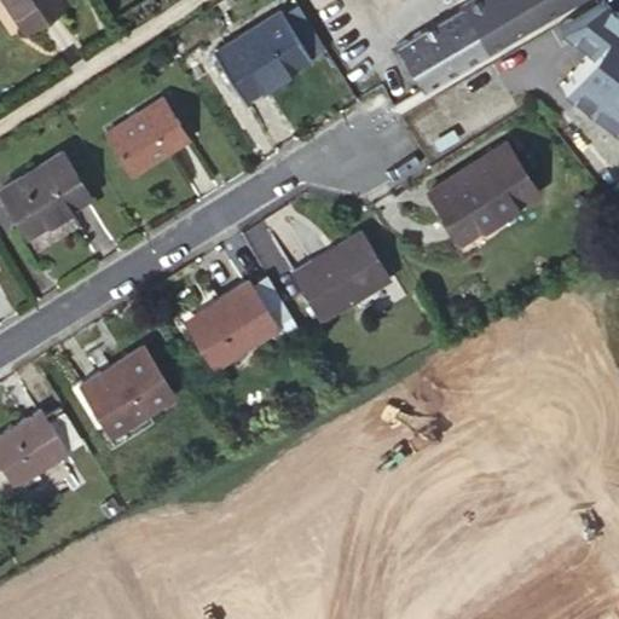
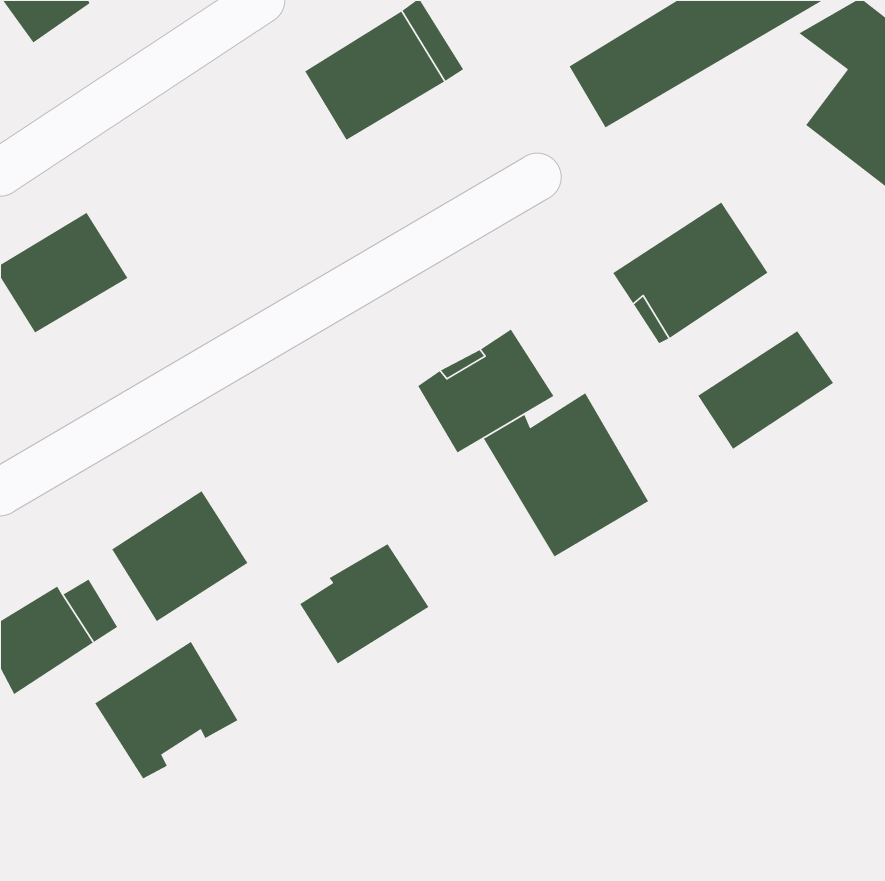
building: [106,102,187,174] -> none
building: none -> [697,330,834,450]
building: none -> [483,392,649,558]
building: [187,284,278,369] -> [299,543,429,665]
building: none -> [94,641,239,779]

